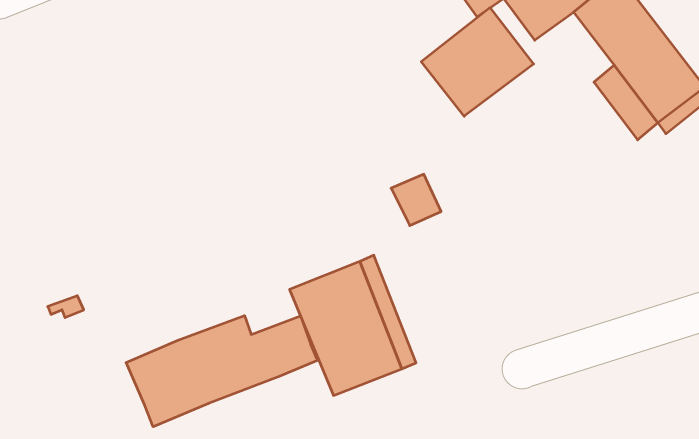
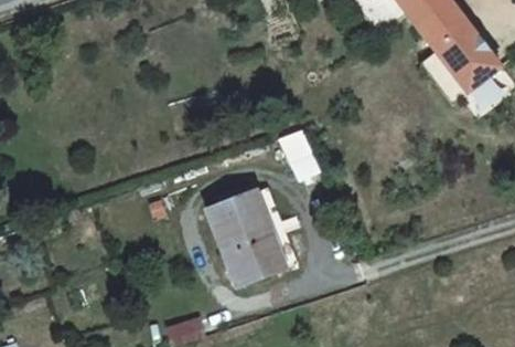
building: [421,8,534,116] -> none
building: [126,316,318,427] -> none

